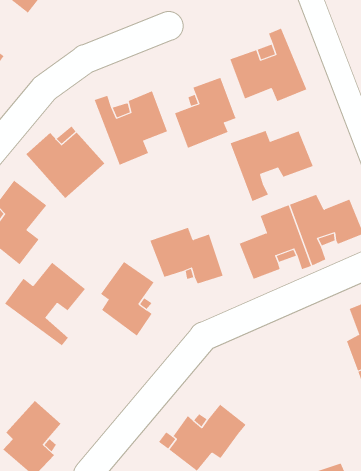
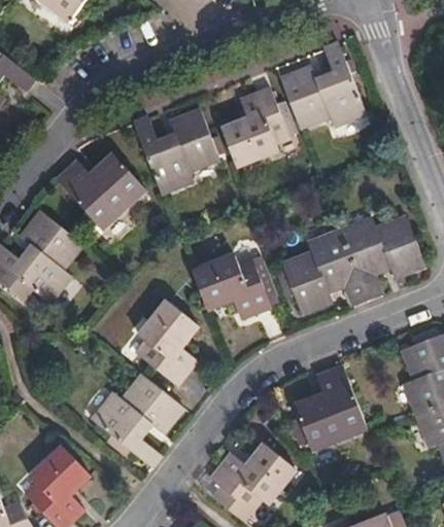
building: [230,130,313,202] -> none
building: [4,262,86,346] -> [93,370,181,461]
building: none -> [295,371,366,453]

